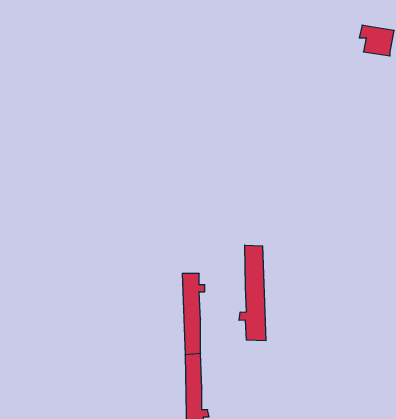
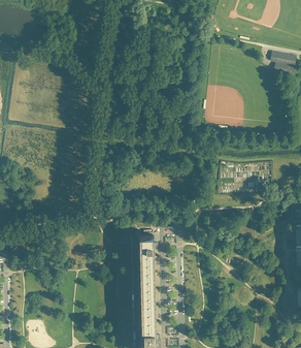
building: [239,245,266,341] -> none

